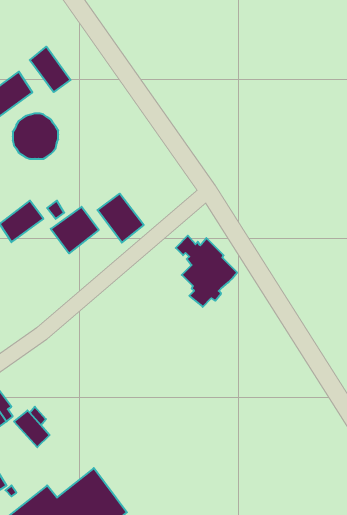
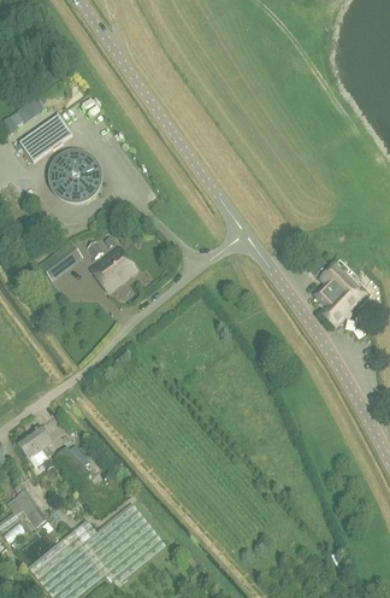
building: [30,47,71,92] -> none
building: [97,194,144,243] -> none
building: [176,236,237,307] -> [308,256,368,326]

